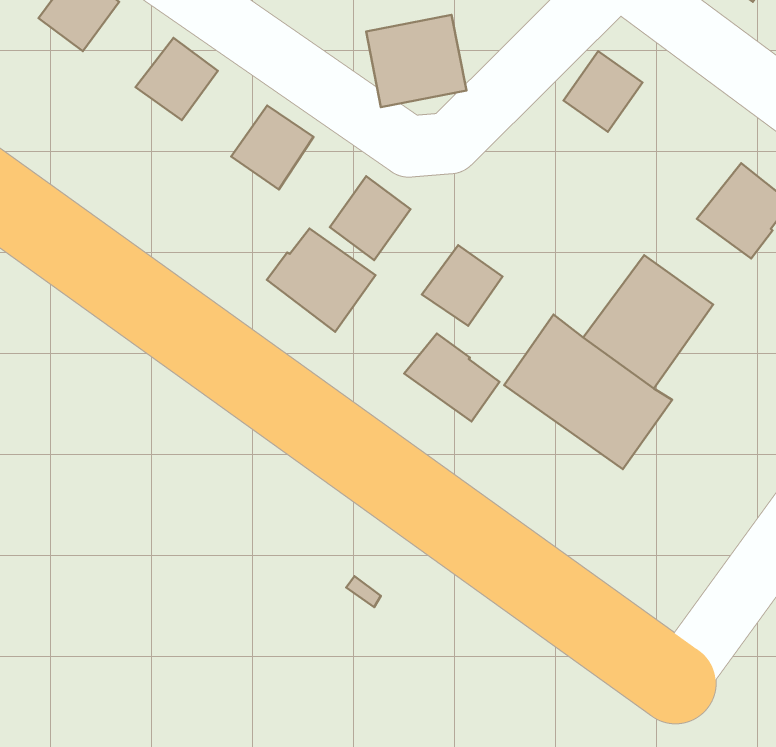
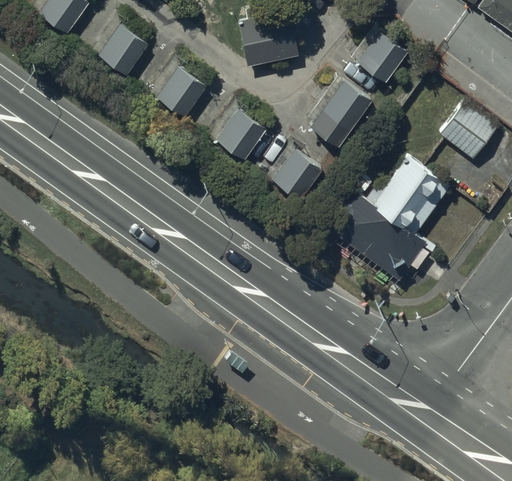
building: none -> [310,81,370,146]
building: [267,228,376,332] -> none
building: [404,333,500,422] -> none

